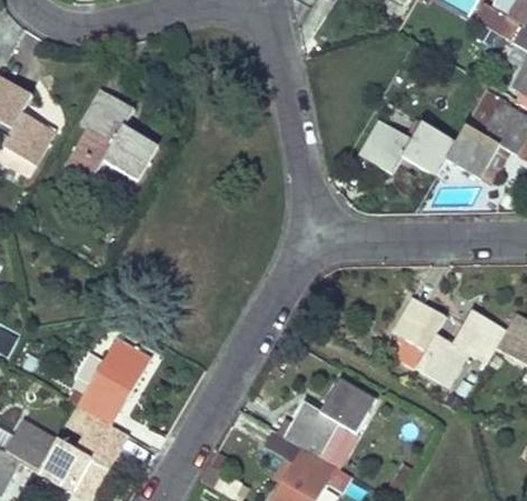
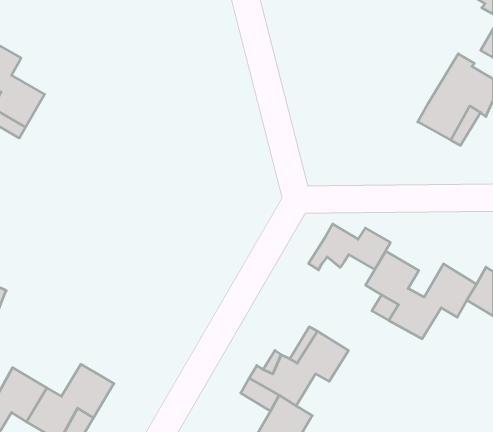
building: [66,91,160,183] -> none
building: [360,122,458,177] -> none
building: none -> [309,224,390,270]
building: [78,337,149,422] -> none

